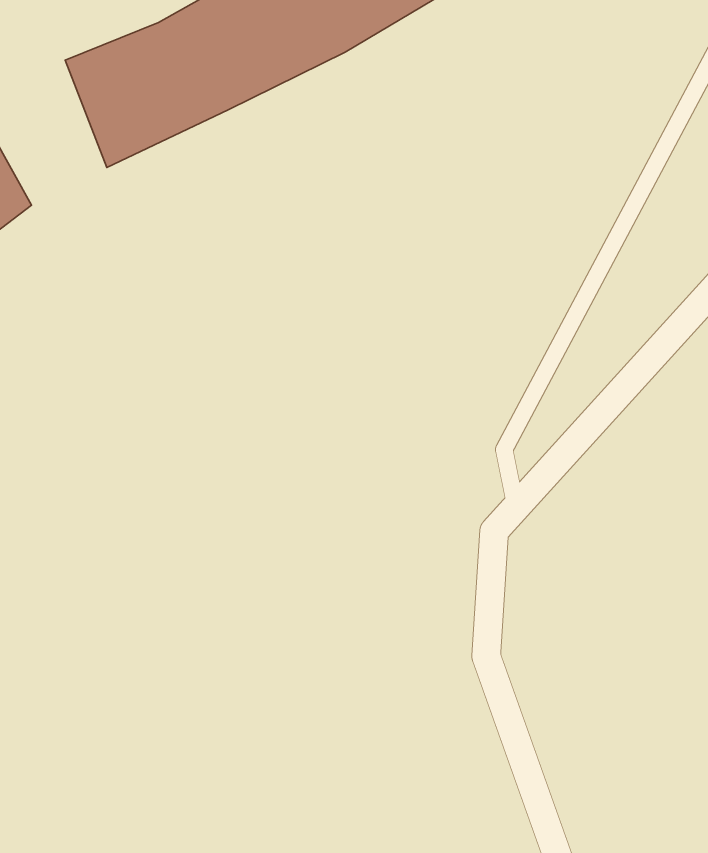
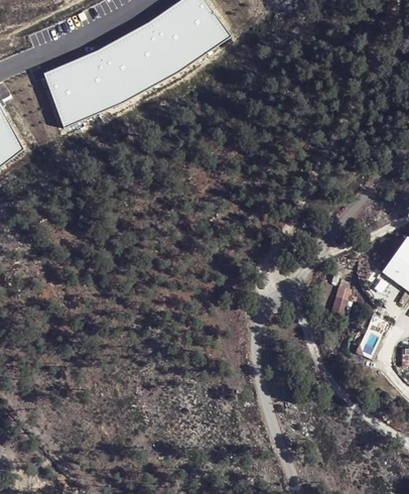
building: none -> [329,285,353,315]

